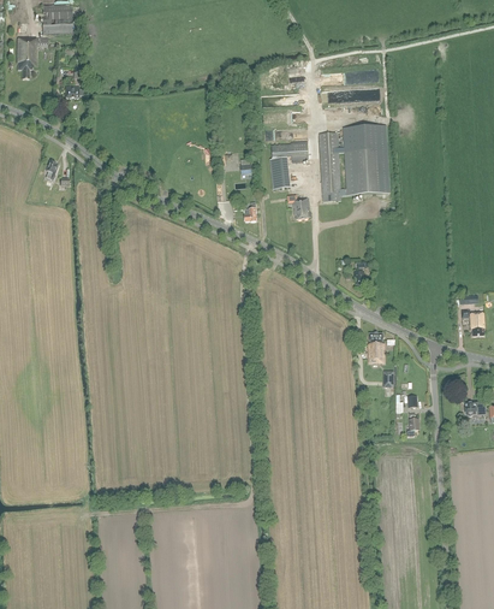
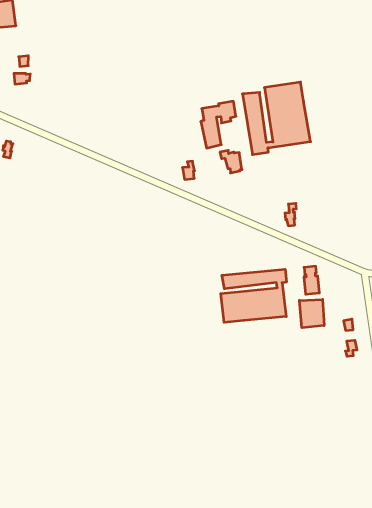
building: none -> [221,269,286,322]
building: none -> [299,299,324,328]

